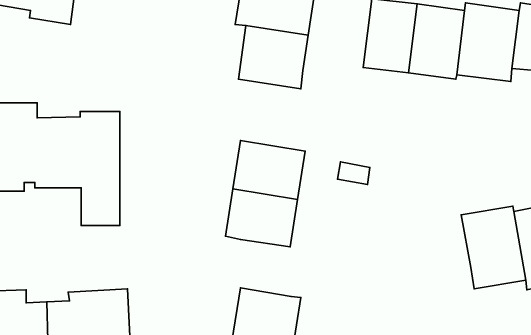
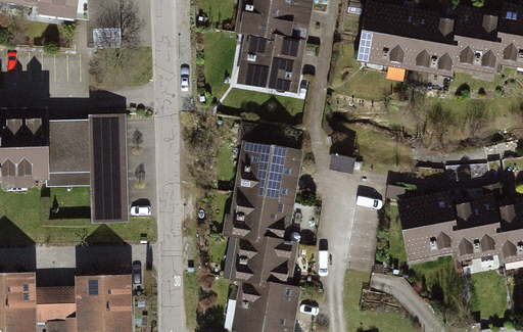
building: none -> [400,196,459,265]
building: none -> [233,230,296,284]

